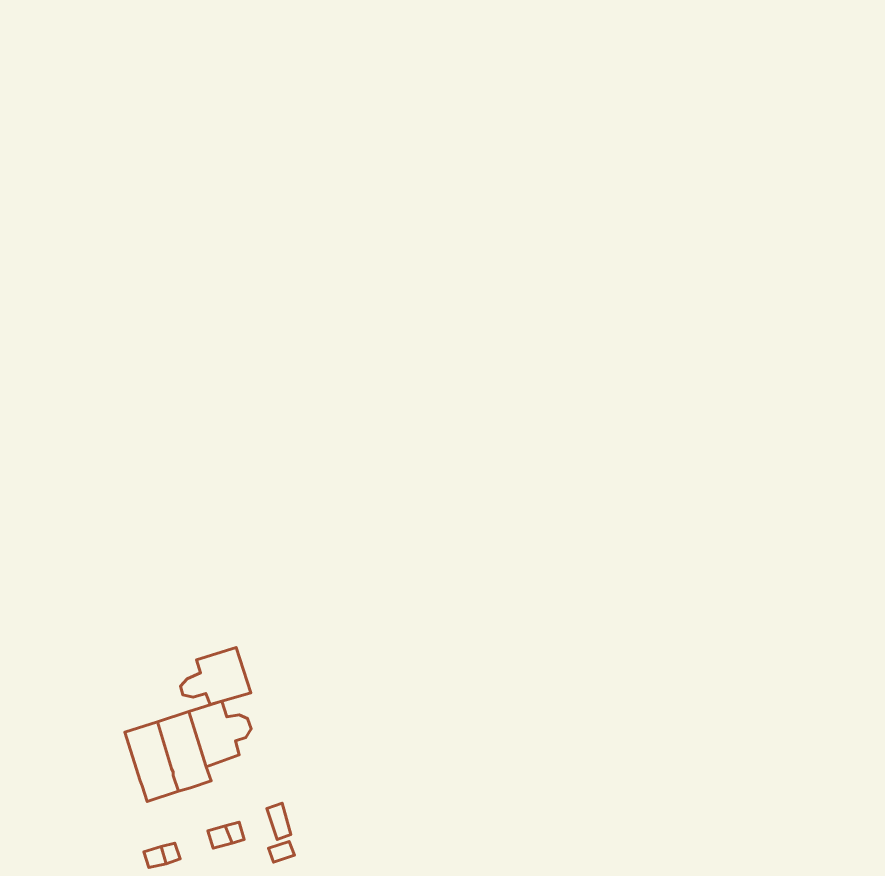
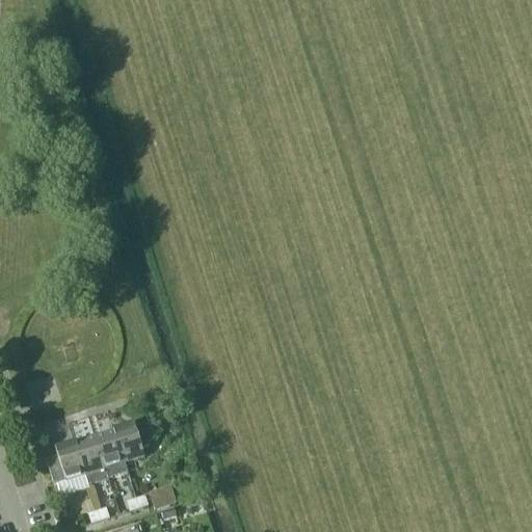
building: [180,647,251,704] -> none
building: none -> [46,440,85,482]

